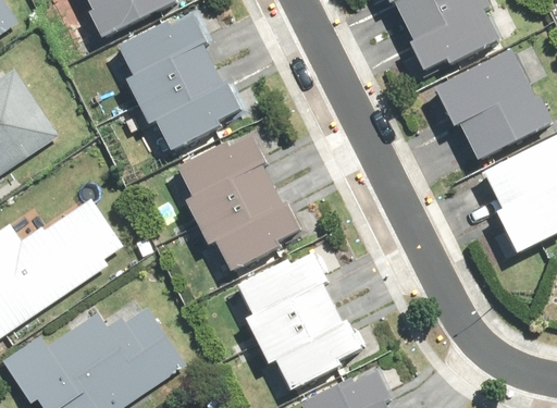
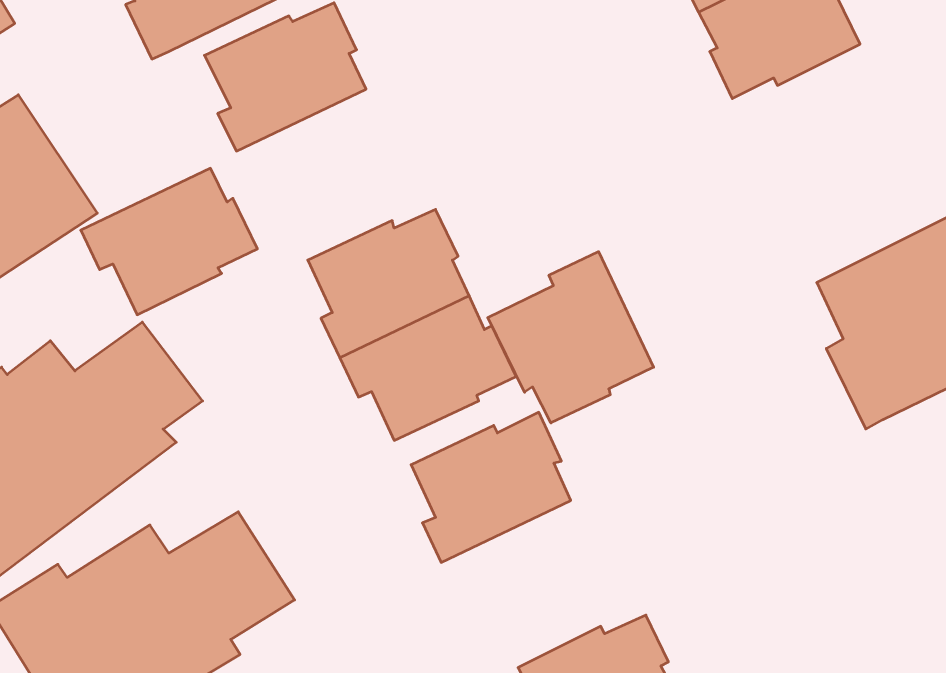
building: [423,55,544,163] -> none
building: [139,64,242,149] -> [81,168,257,315]
building: none -> [488,252,654,423]
building: [258,302,361,386] -> none

